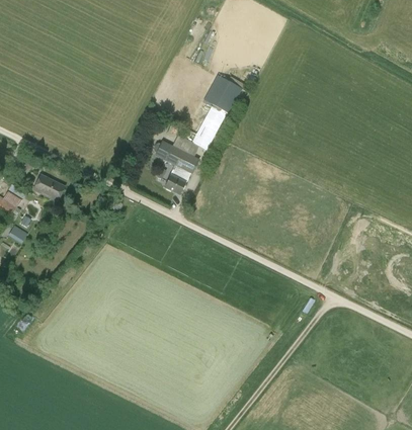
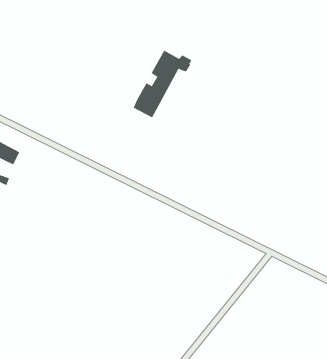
building: [155,141,197,192] -> none

